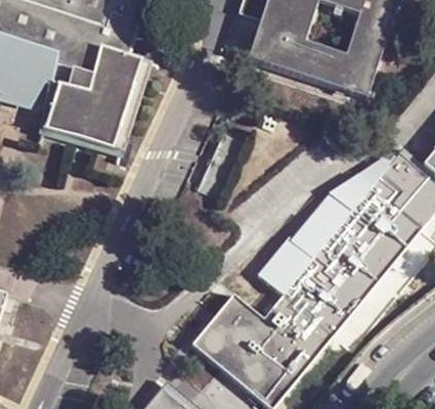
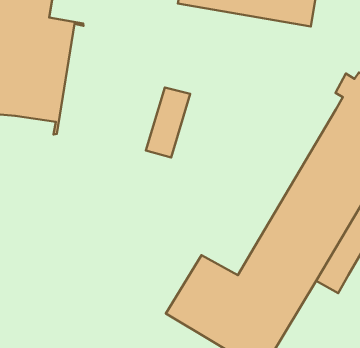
building: [256,166,378,294] -> none

